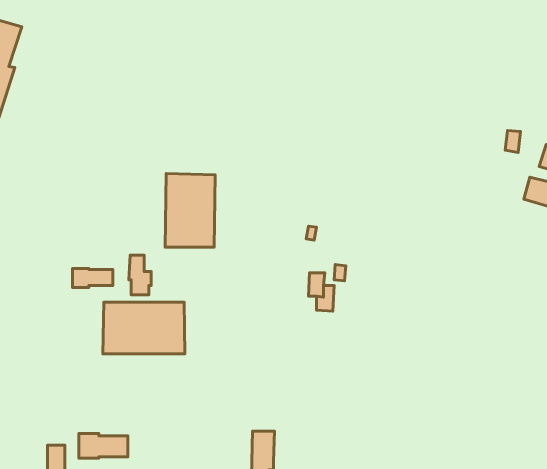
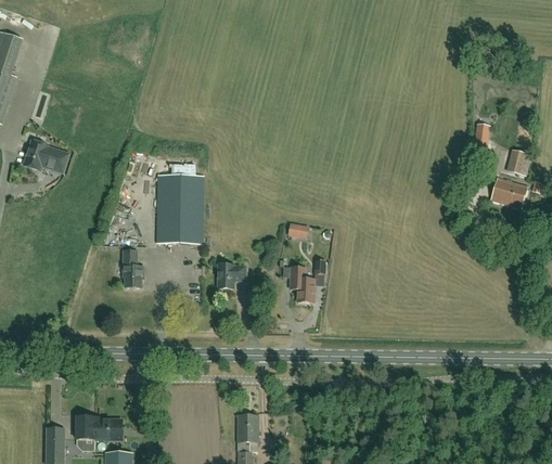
building: none -> [24,140,68,171]
building: [72,269,113,287] -> none
building: none -> [217,265,245,288]
building: [103,302,185,354] -> none

